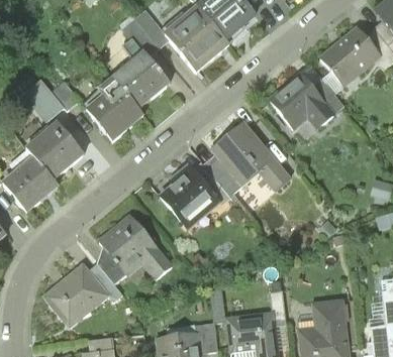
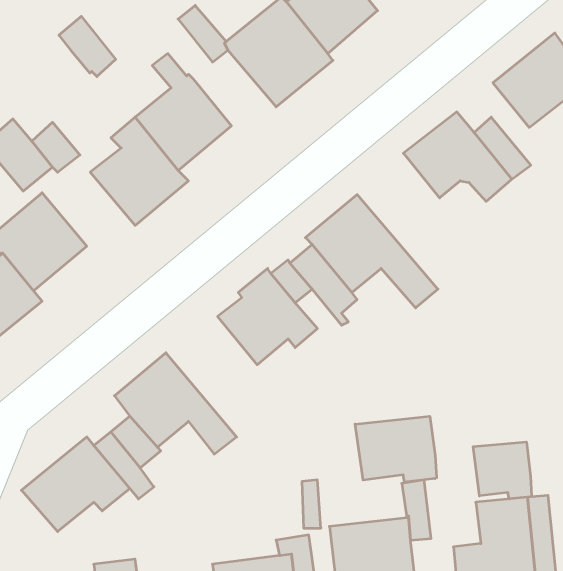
building: [123,20,157,55] -> [59,16,116,77]
building: none -> [355,416,437,482]
building: none -> [473,442,532,499]

